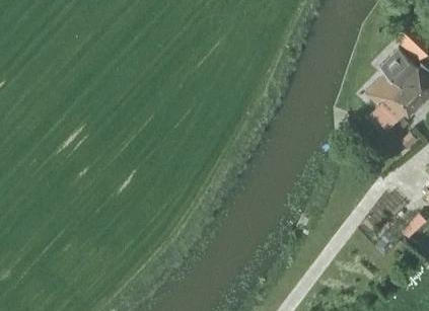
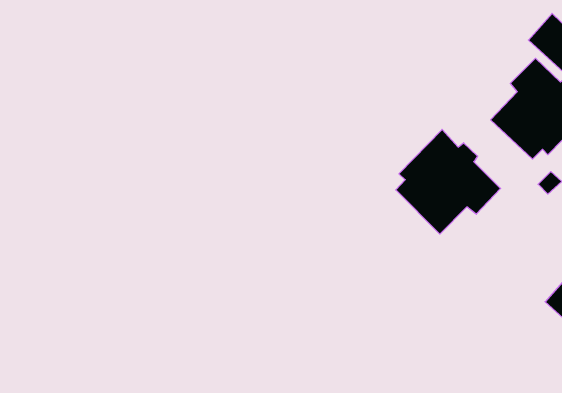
building: none -> [396,129,501,234]

